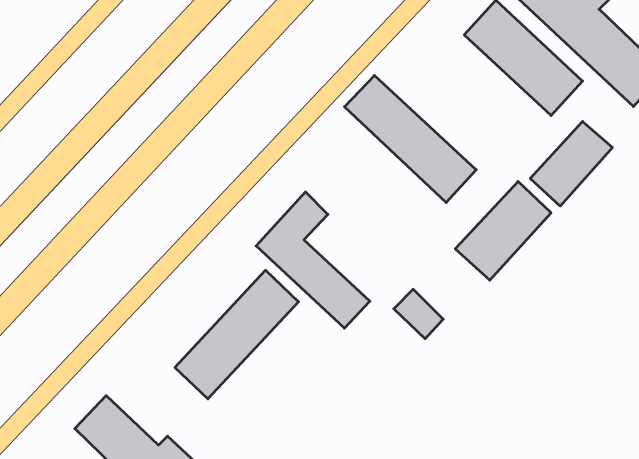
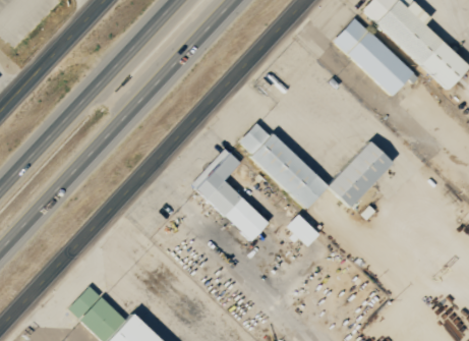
building: [344,75,476,203] -> [238,121,328,208]
building: [530,121,612,206] -> none
building: [175,270,299,399] -> none

